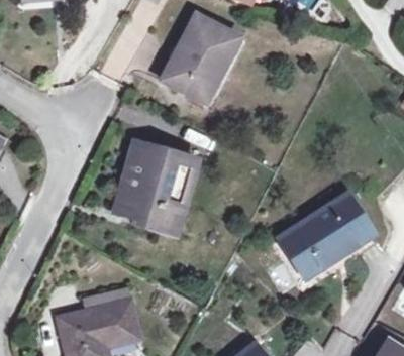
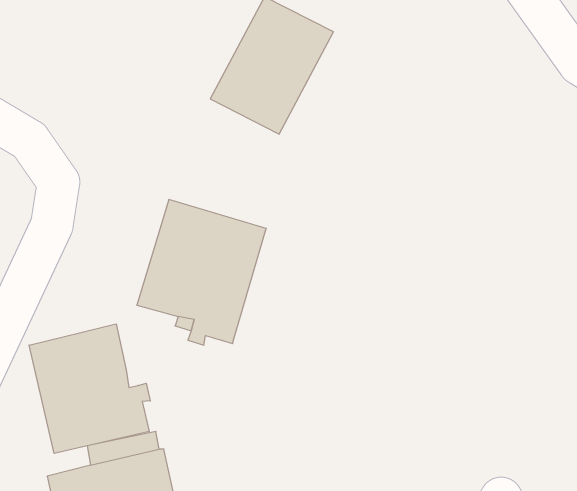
building: [279,194,376,275] -> none
building: none -> [29,324,150,453]

